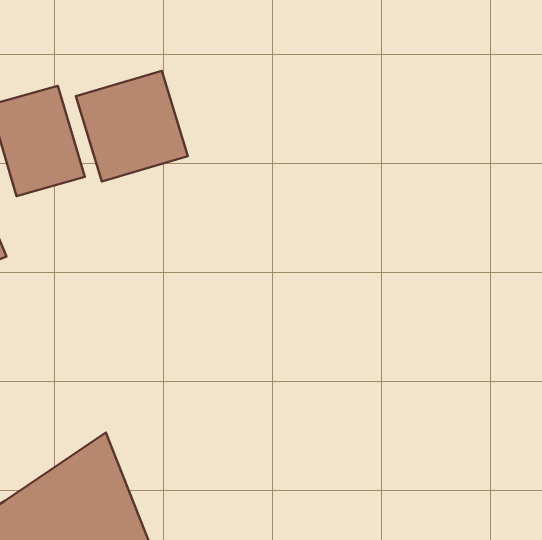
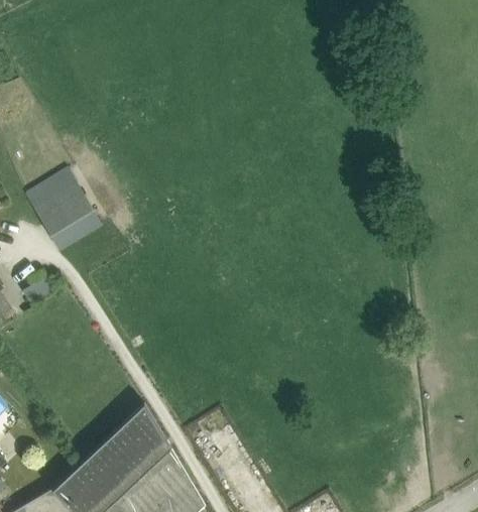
building: [76,71,188,182] -> none

